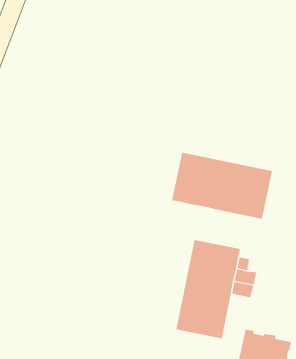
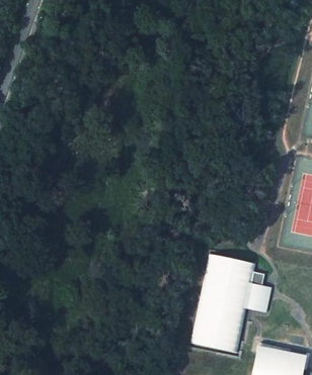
building: [172,152,273,219] -> none

